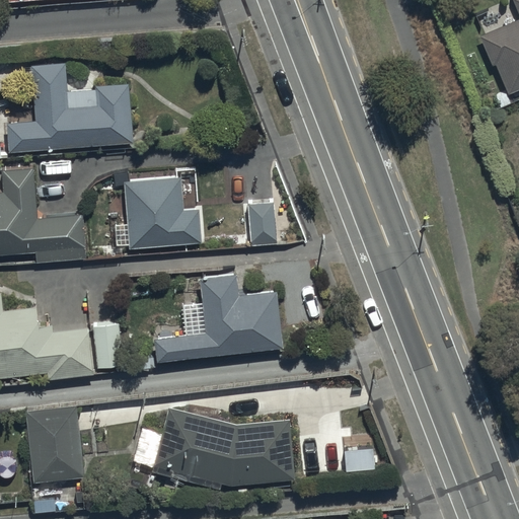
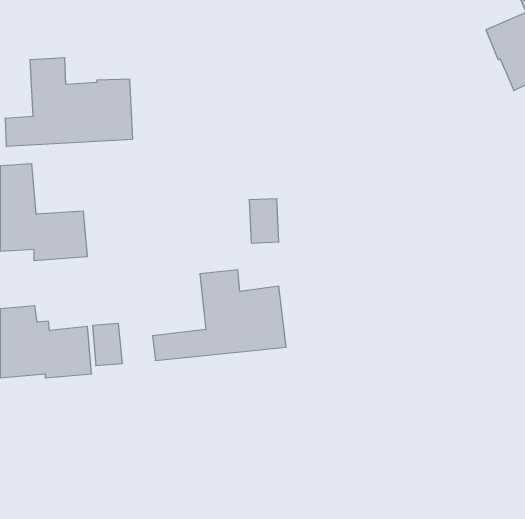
building: [123,174,200,247] -> none
building: [25,406,84,483] -> none
building: [133,407,292,486] -> none

